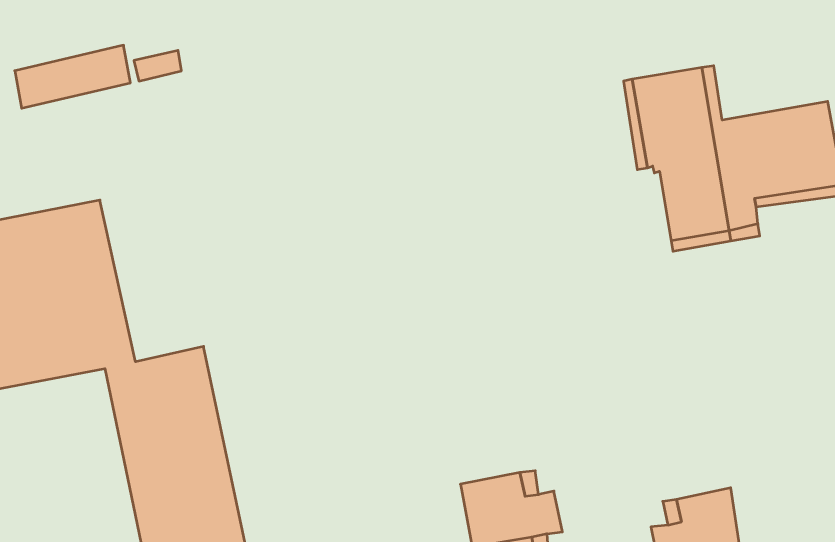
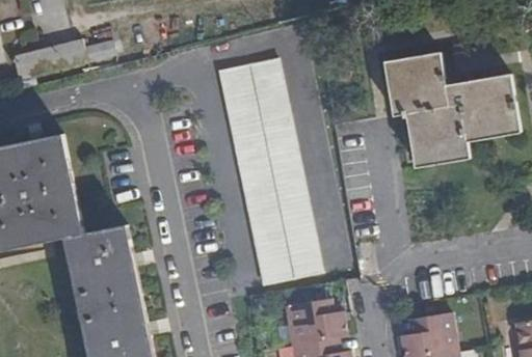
building: none -> [219,59,320,285]

